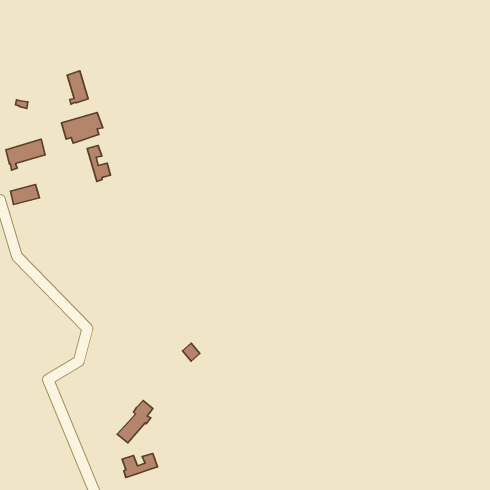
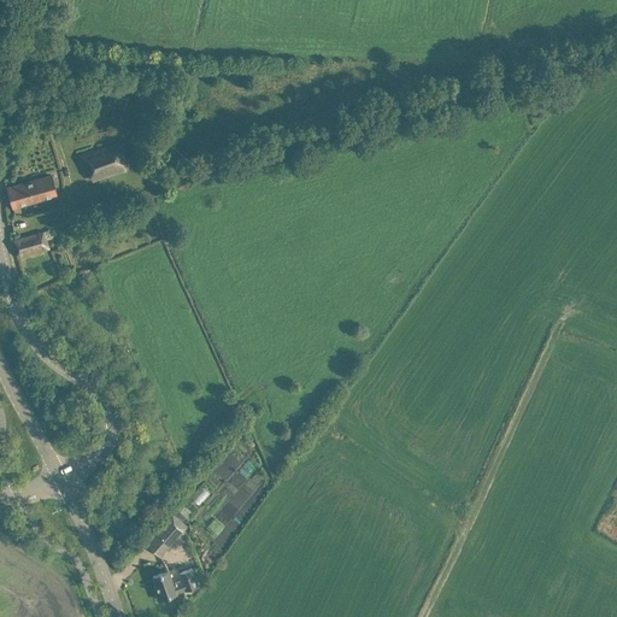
building: [67,71,88,104] -> none
building: [87,146,111,181] -> none

